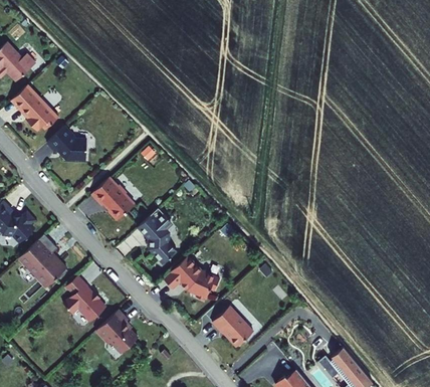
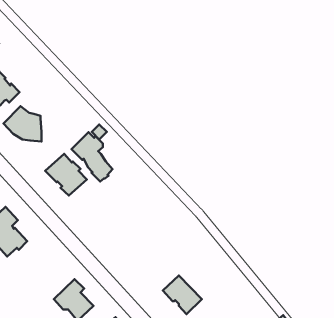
building: [133,212,176,264] -> [72,132,112,182]
building: [163,256,219,302] -> none
building: [64,274,105,320] -> none

